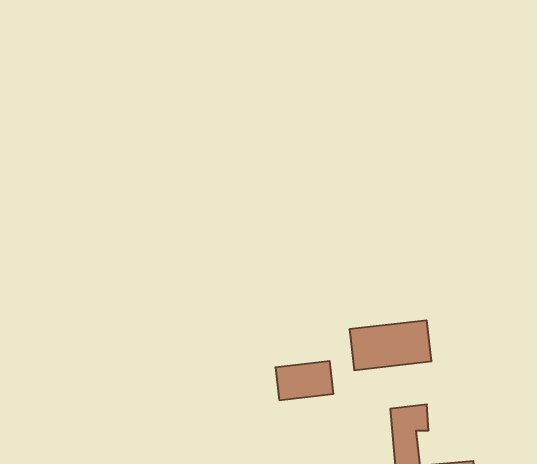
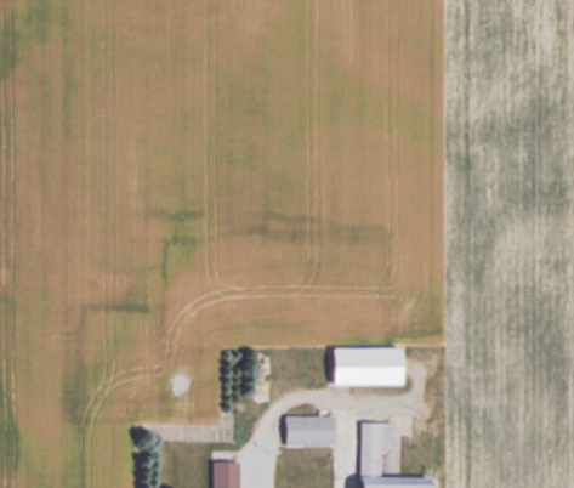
building: [275,361,334,400] -> [286,416,335,446]

